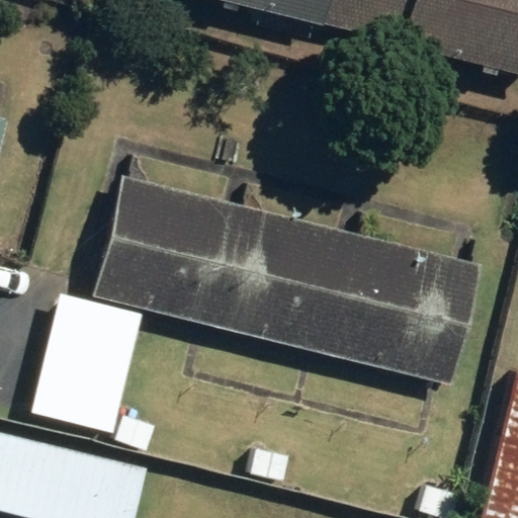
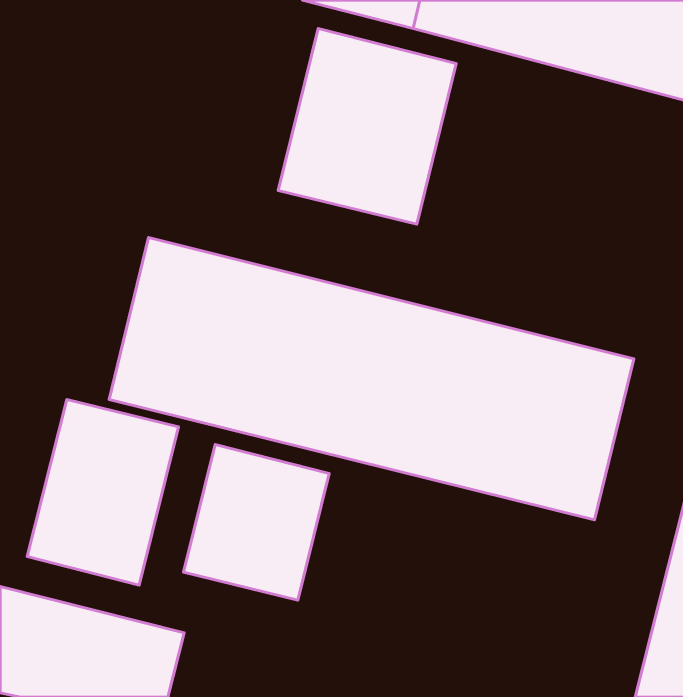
building: none -> [278,29,456,224]
building: none -> [183,444,329,600]

